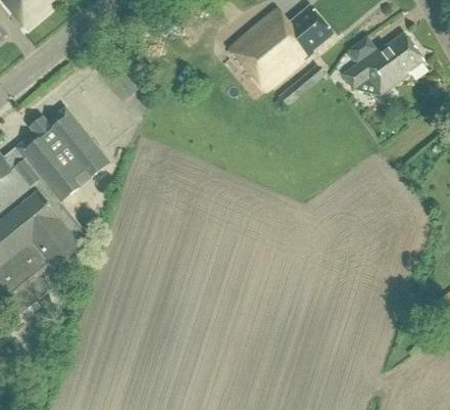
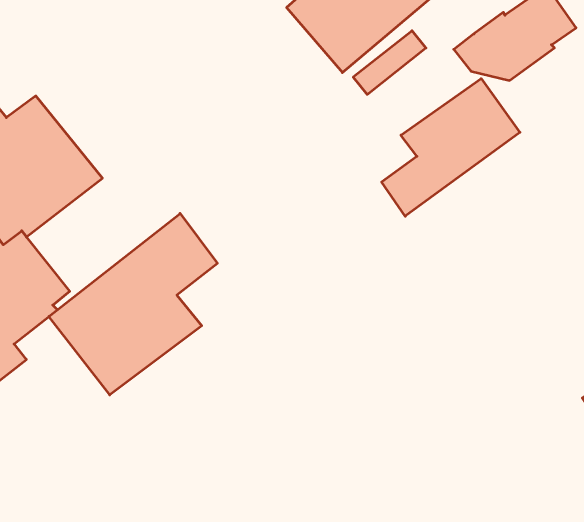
building: none -> [382,79,520,216]
building: none -> [49,213,217,395]

